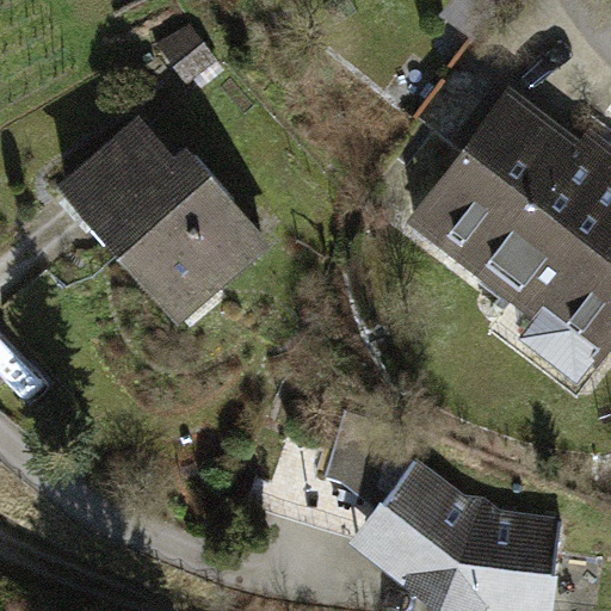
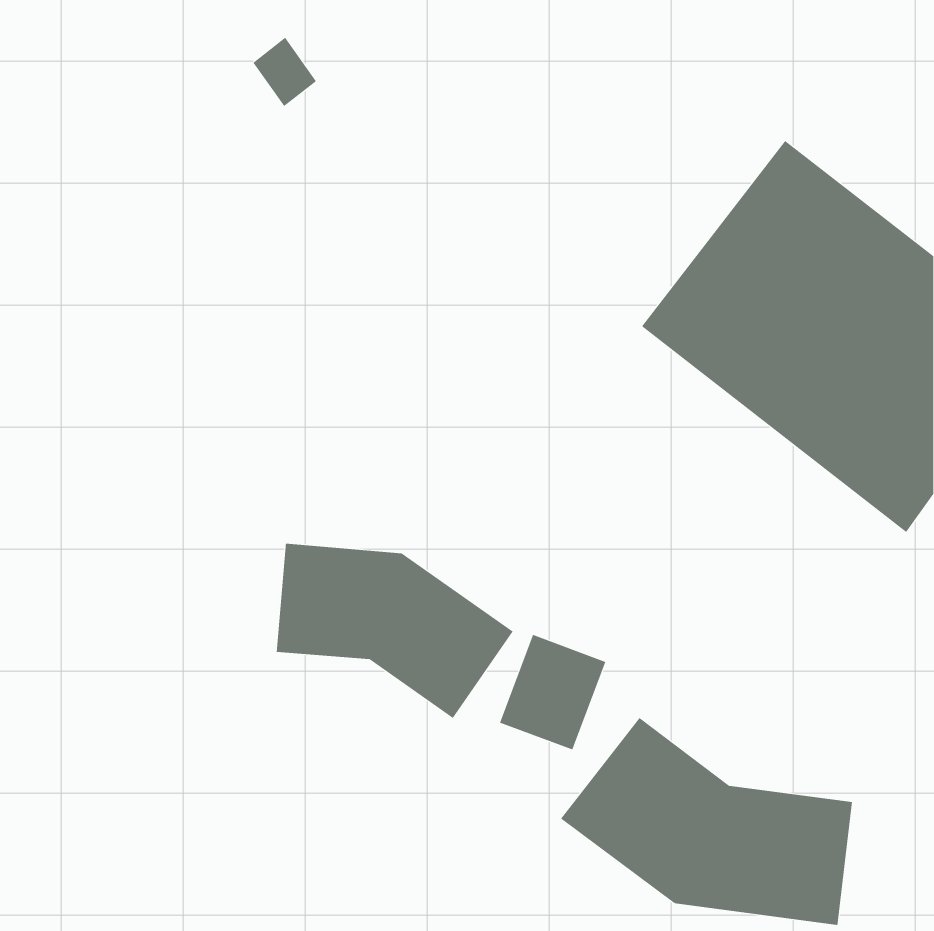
building: [70,125,249,309] -> none
building: none -> [276,543,513,719]

